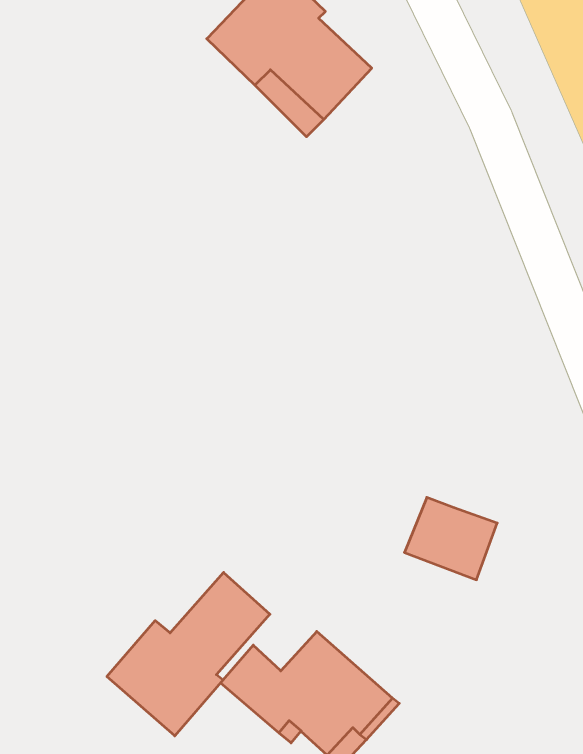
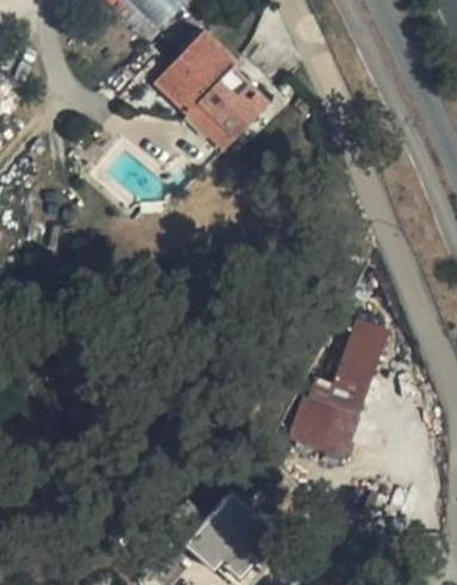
building: none -> [326,319,387,417]
building: [107,572,270,736] -> none

